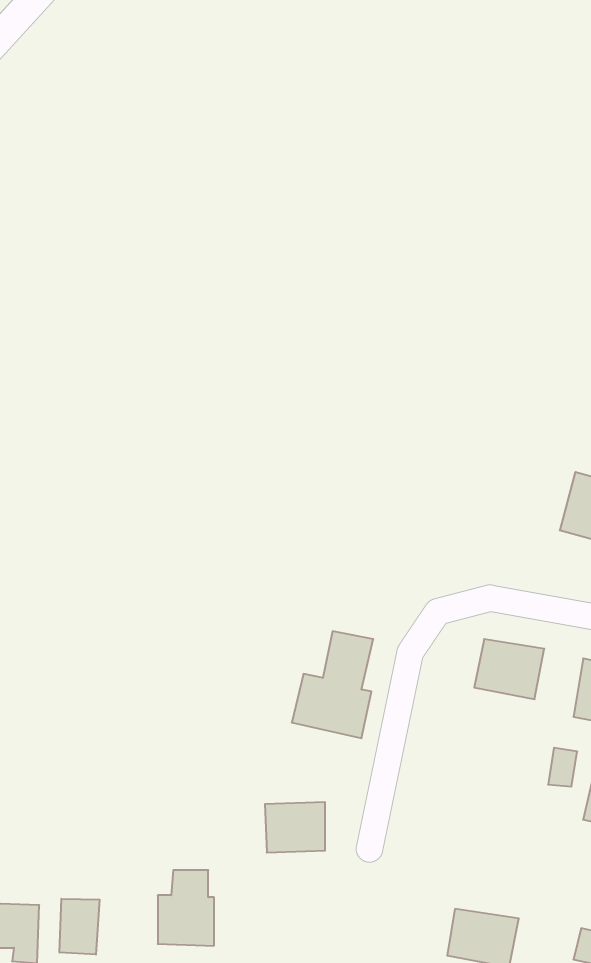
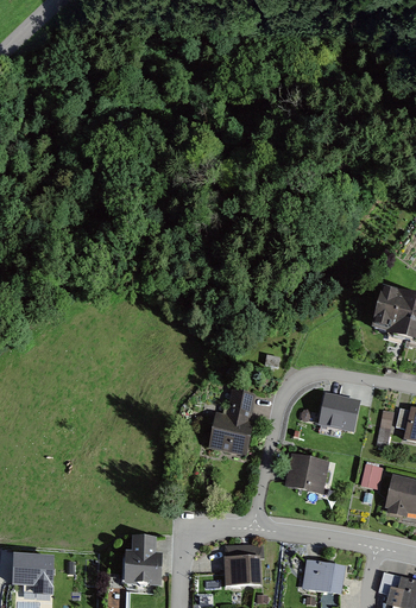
building: none -> [285,455,329,494]
building: [265,802,325,853] -> [225,555,261,585]
building: [60,899,100,955] -> none

